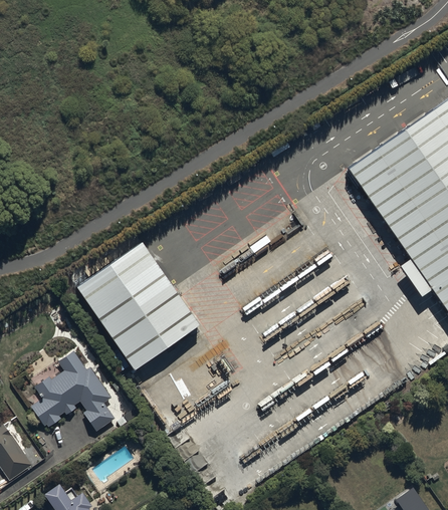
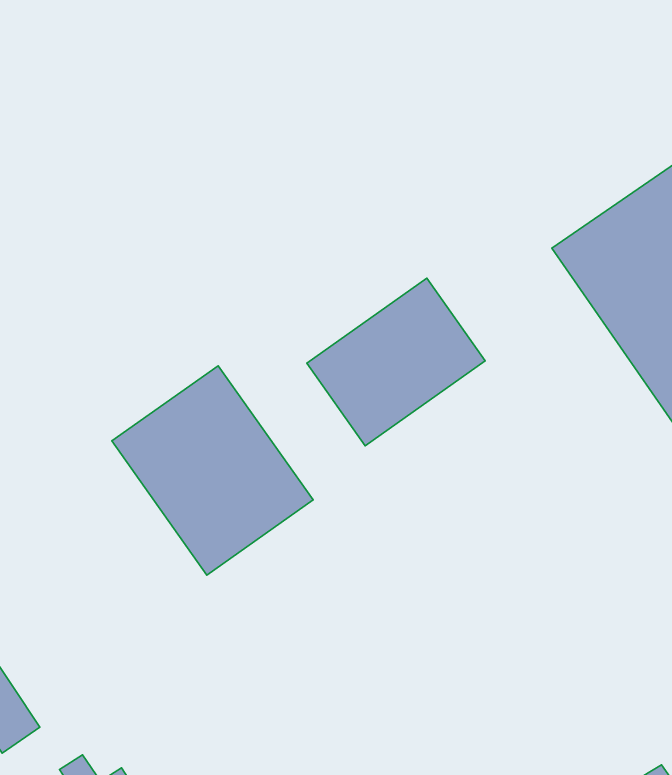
building: none -> [307,278,485,446]
building: [32,350,116,430] -> none

